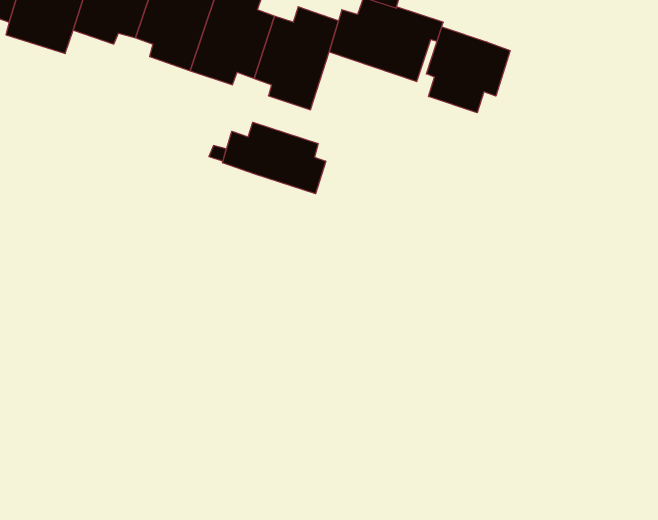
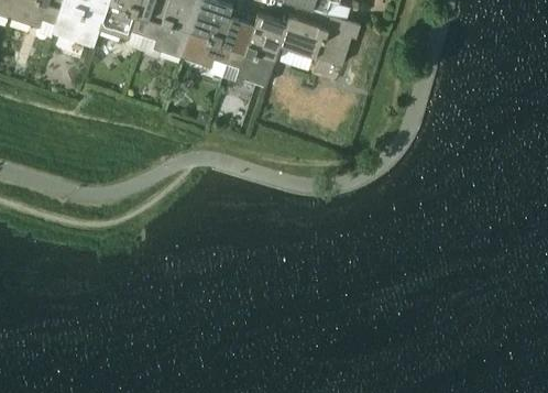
building: [426,27,510,113] -> none
building: [223,122,326,194] -> none

